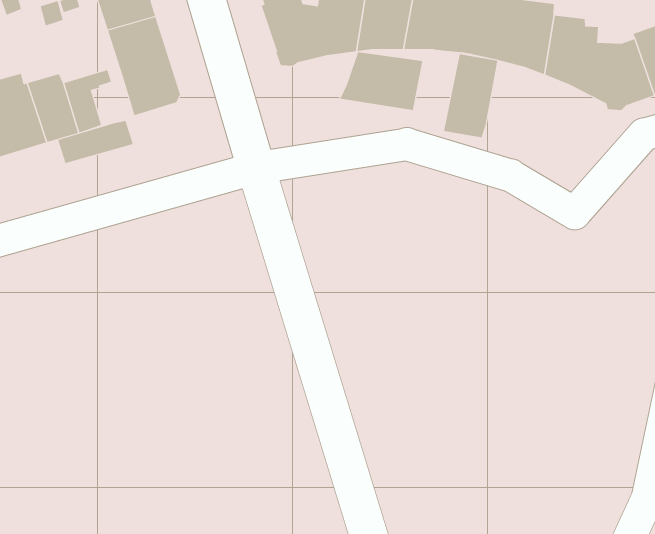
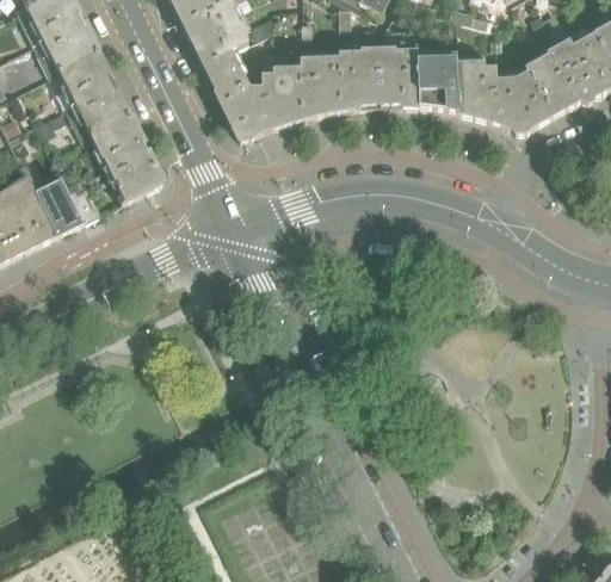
building: [340,51,423,111] -> none
building: [444,54,498,138] -> none
building: [58,120,134,164] -> none

